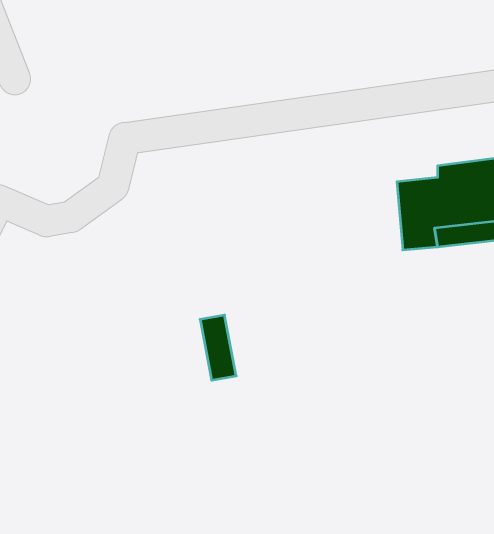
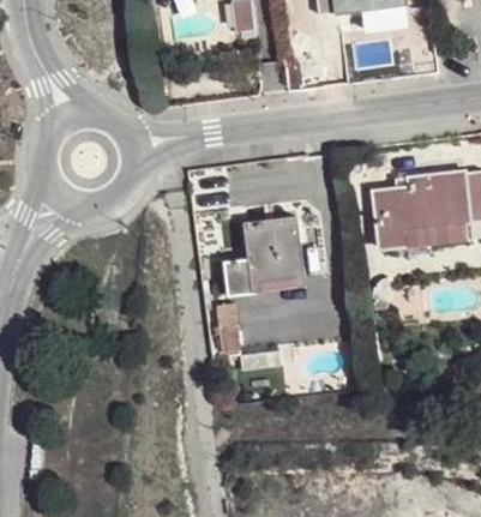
building: none -> [224,218,303,287]

